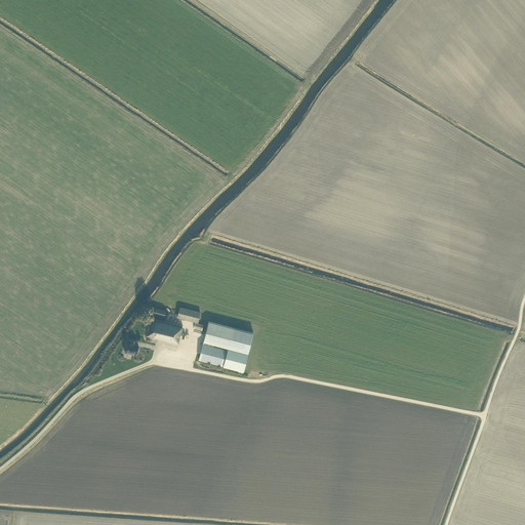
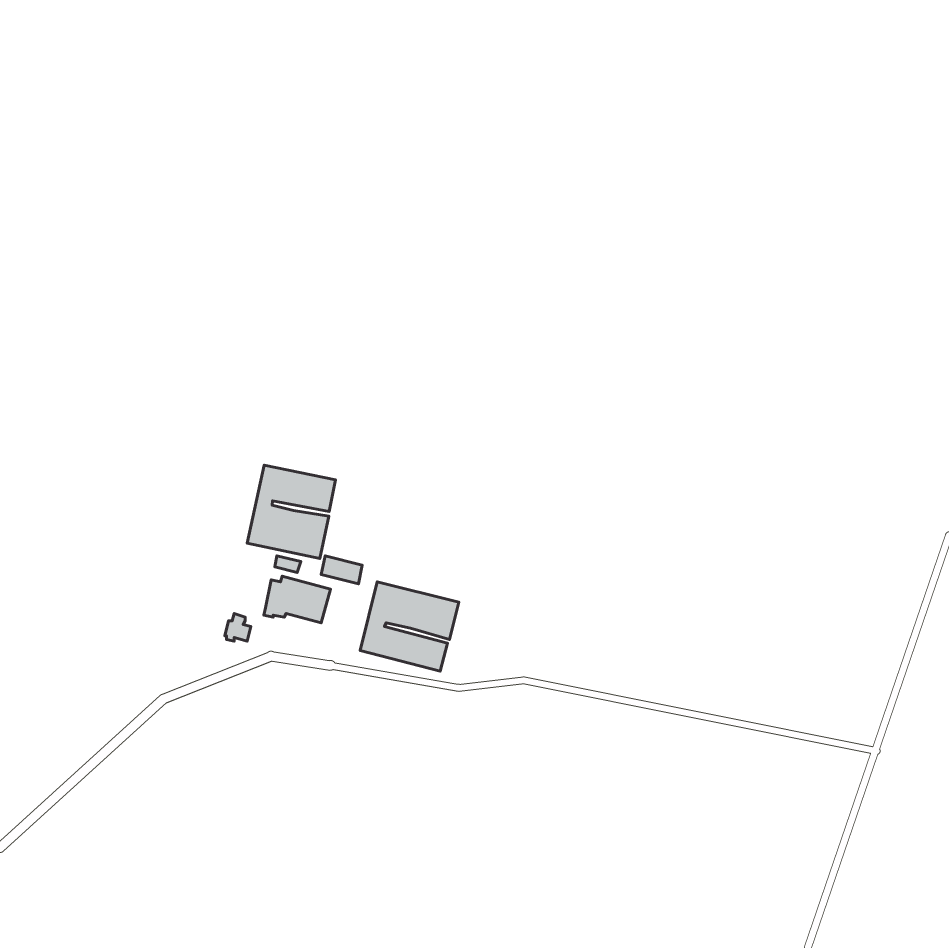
building: none -> [247,465,335,559]

